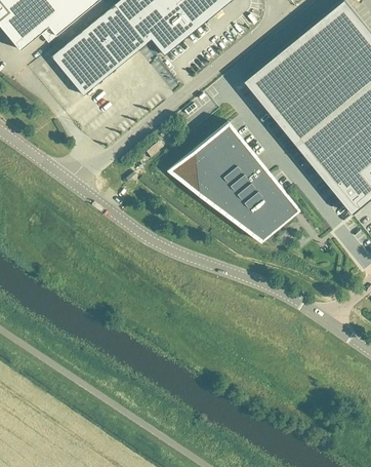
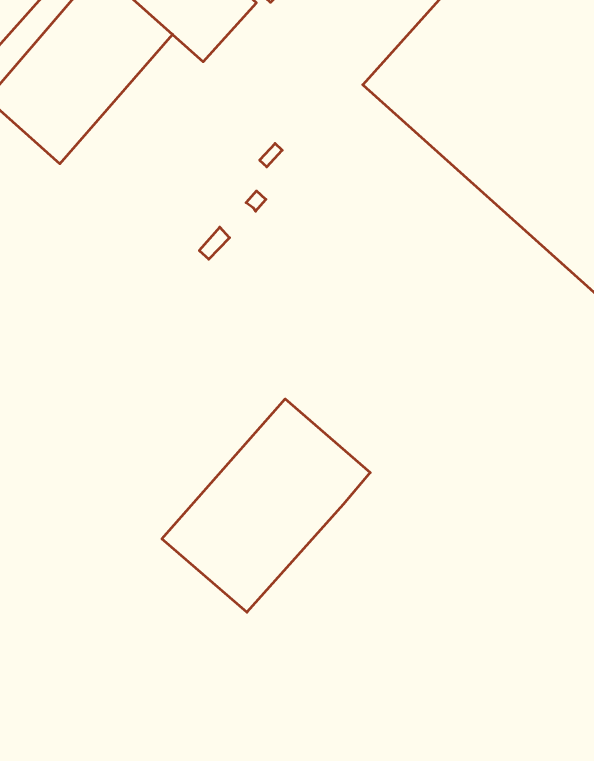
building: [170,124,287,240] -> none
building: none -> [162,399,370,612]

